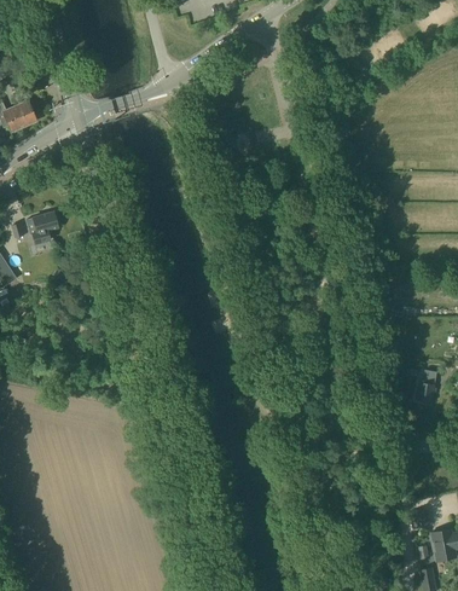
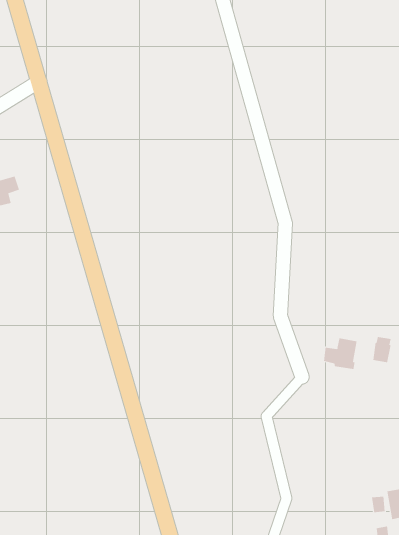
building: none -> [324,337,357,370]

